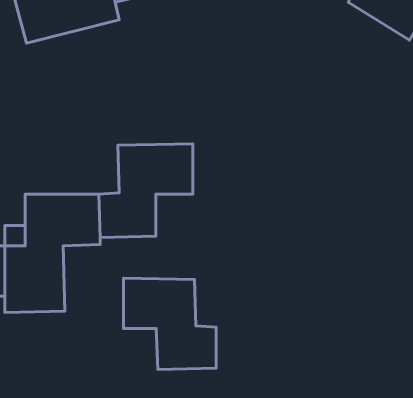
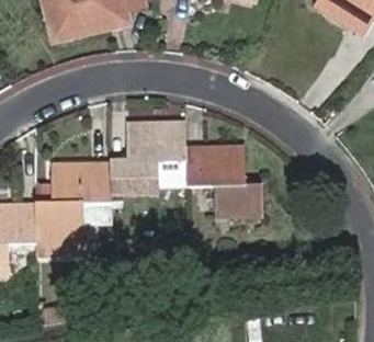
building: [124,278,216,369] -> [188,144,262,217]

